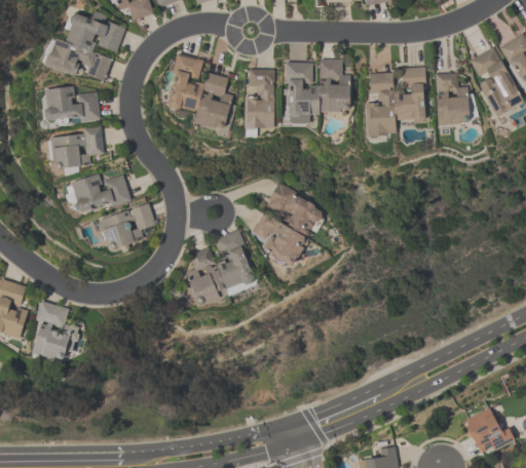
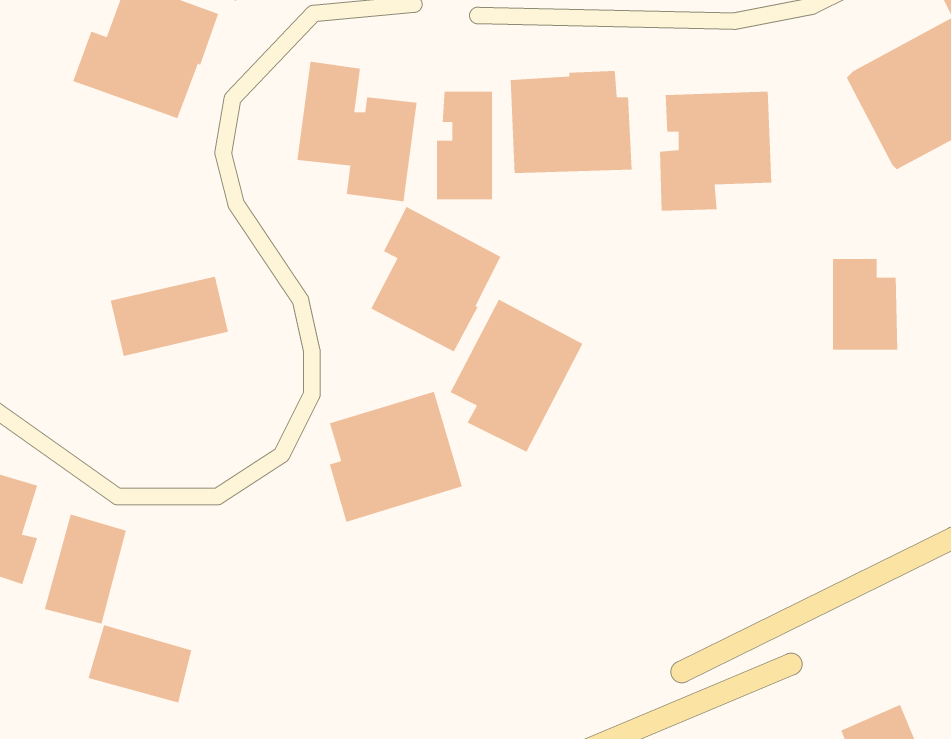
building: [436,74,472,124] -> [832,258,898,350]
building: [43,87,99,124] -> none
building: [47,129,104,171] -> none
building: none -> [370,206,502,353]
building: [99,204,154,248] -> none
building: none -> [88,624,192,704]

